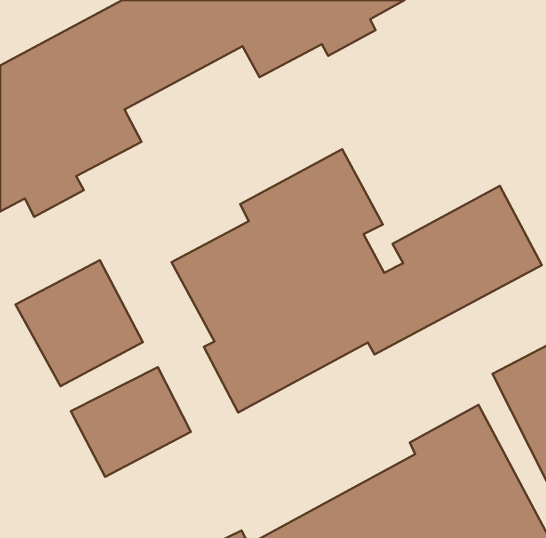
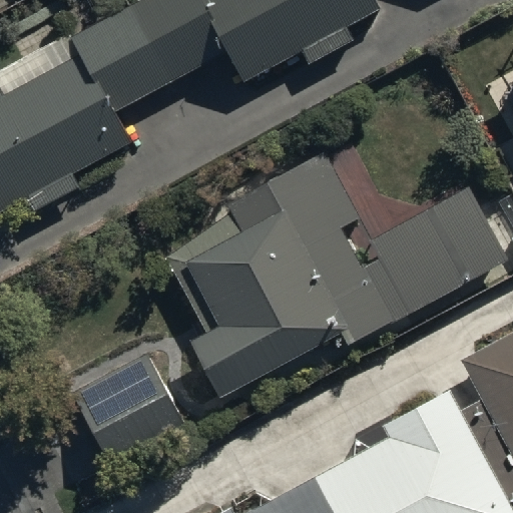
building: [16,260,143,386] -> none

